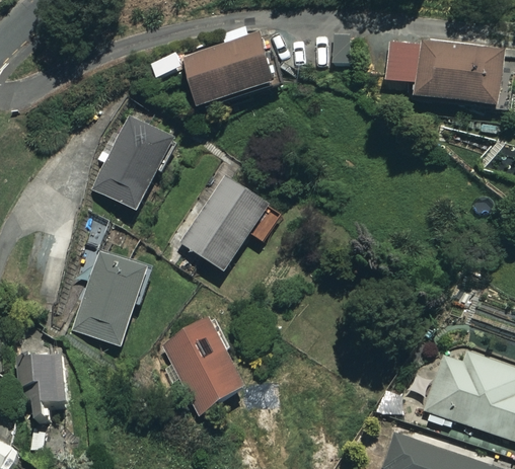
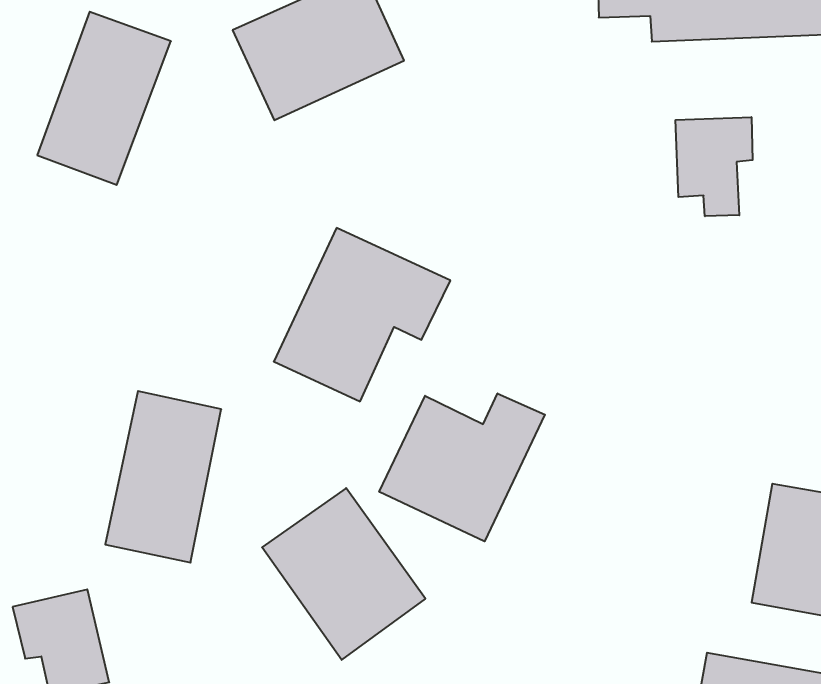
building: [93,114,175,212] -> [37,12,171,185]
building: none -> [676,117,753,216]
building: none -> [379,393,545,541]

